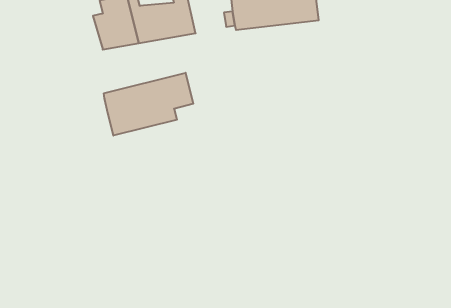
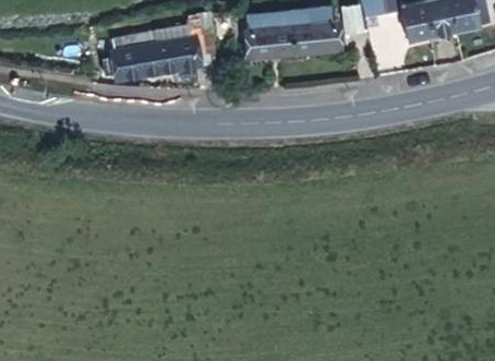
building: [104,73,193,136] -> none

